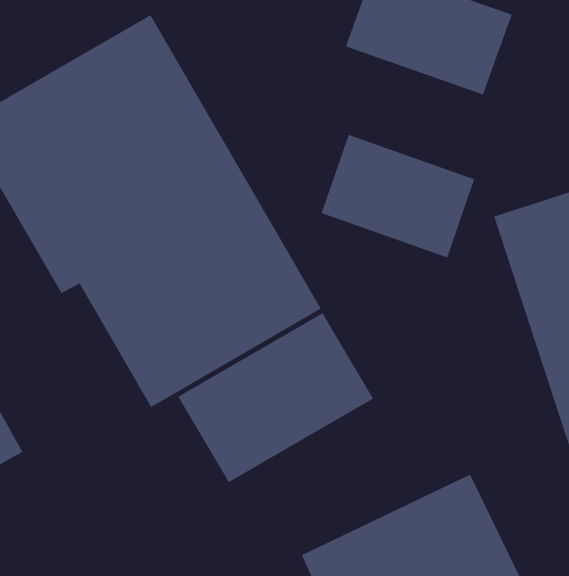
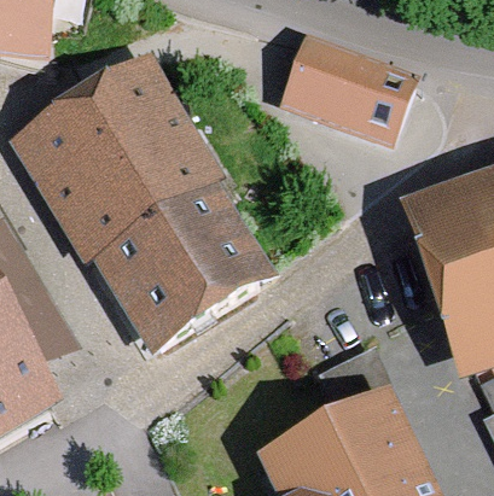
building: [320,134,475,258] -> none
building: [177,312,374,483] -> none

